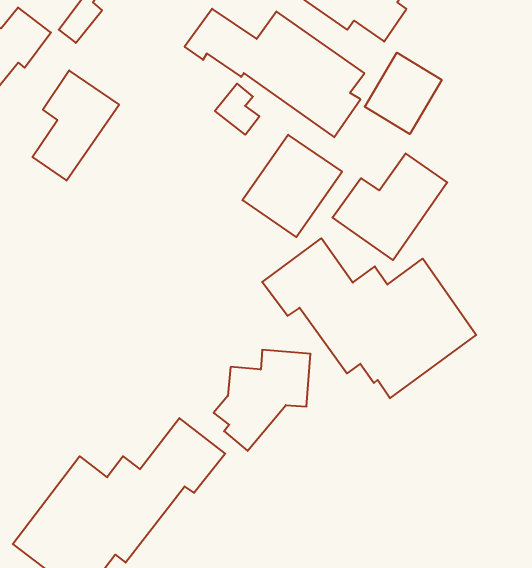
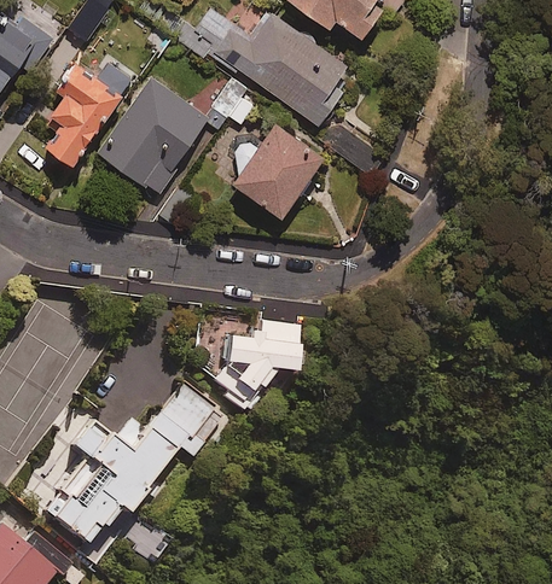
building: [365,53,442,134] -> none
building: none -> [97,78,208,193]
building: [332,153,447,260] -> none
building: [262,238,476,398] -> none

